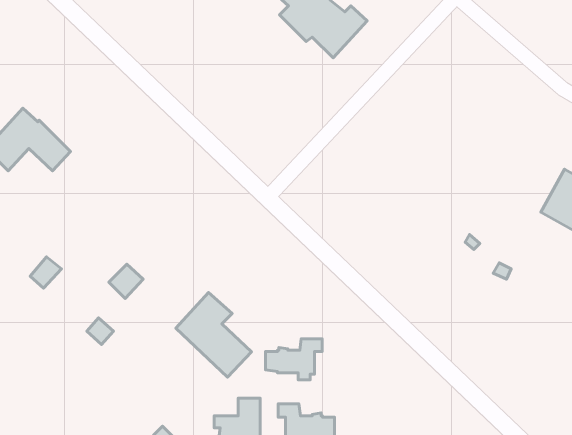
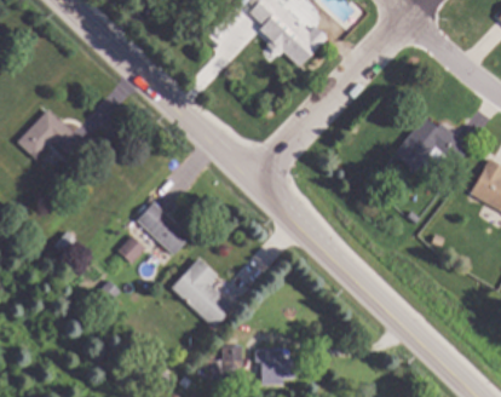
building: none -> [393,116,470,171]
building: none -> [136,200,190,254]
building: [266,339,322,380] -> none

